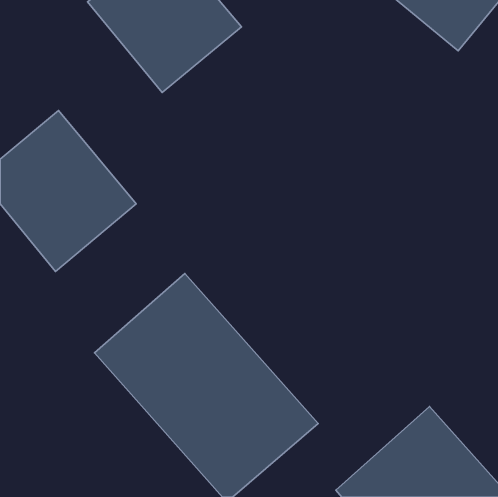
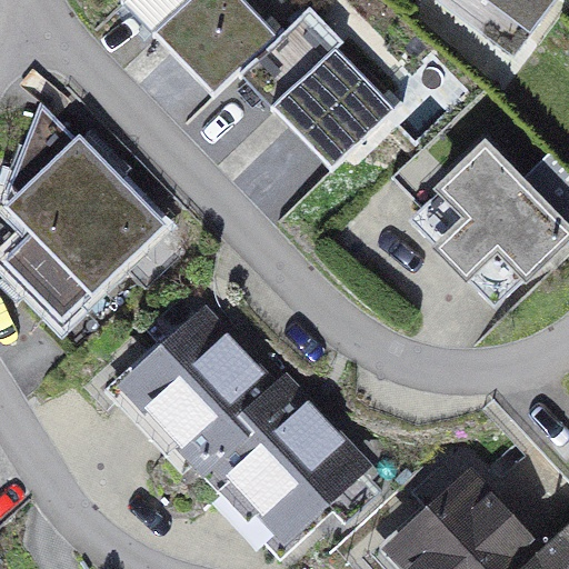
building: none -> [271,43,397,168]
building: none -> [419,139,559,278]

